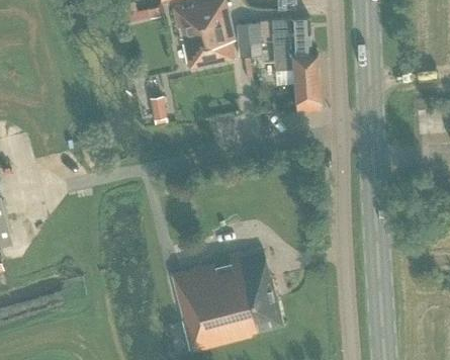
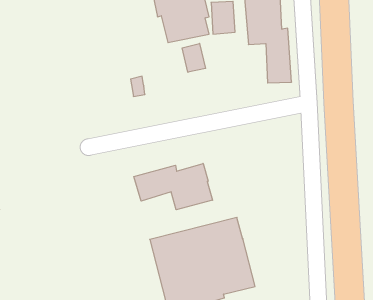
building: none -> [182,43,206,72]
building: none -> [134,163,213,210]

